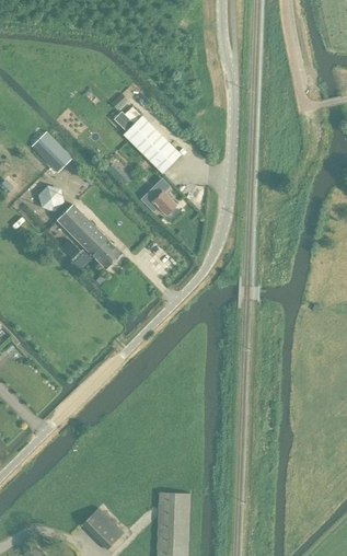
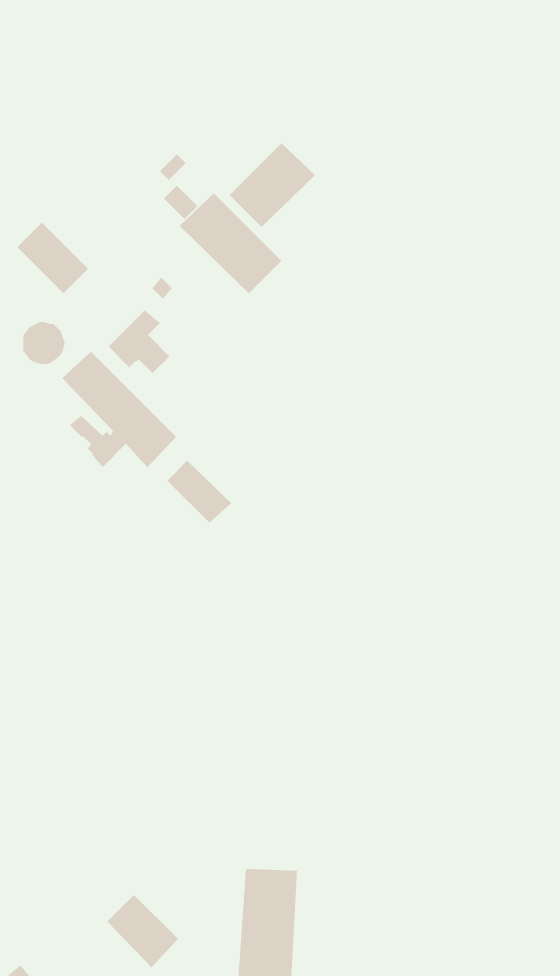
building: none -> [229,142,316,228]
building: [140,178,175,215] -> [108,310,170,374]
building: none -> [167,460,232,524]

